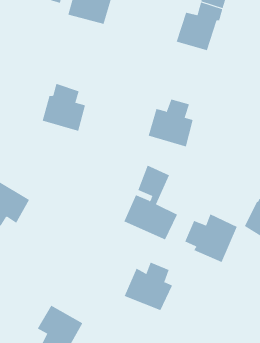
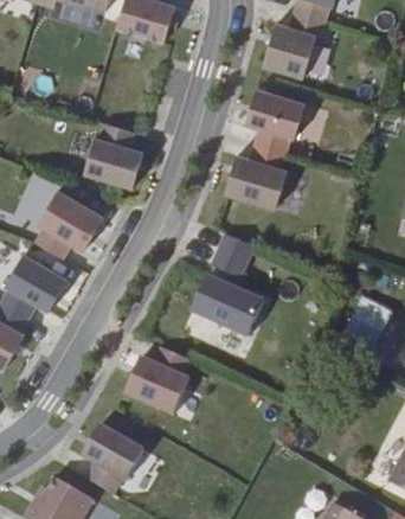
building: none -> [245,91,304,156]
building: none -> [33,192,101,261]
building: [185,214,238,263] -> none
building: [124,262,173,311] -> [123,352,189,418]

